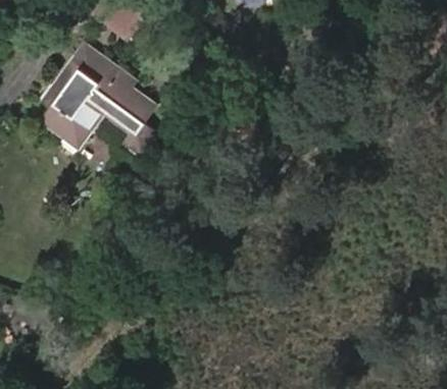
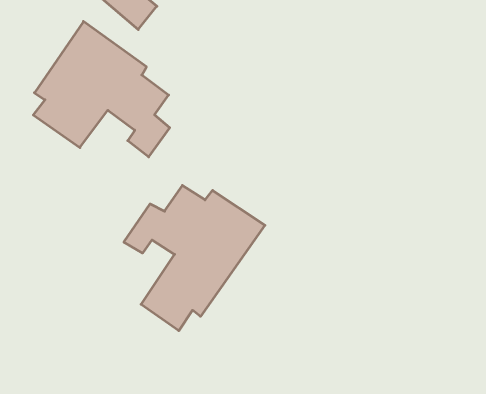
building: none -> [124,185,265,331]

